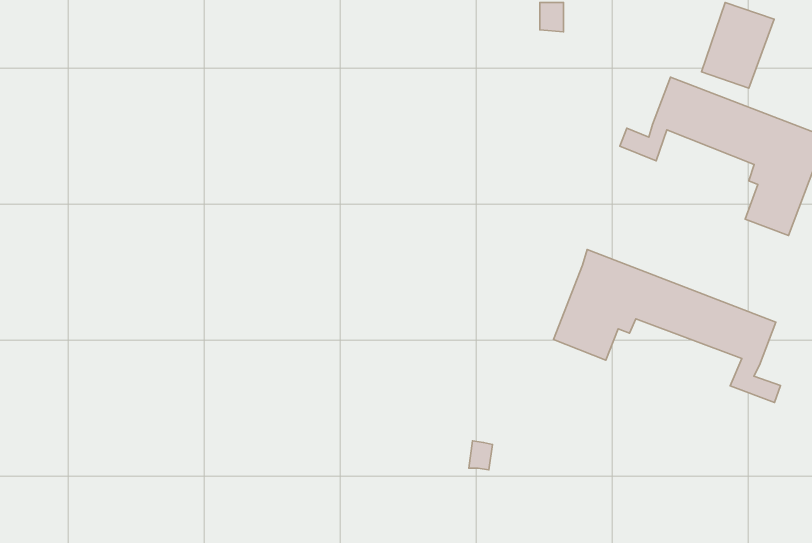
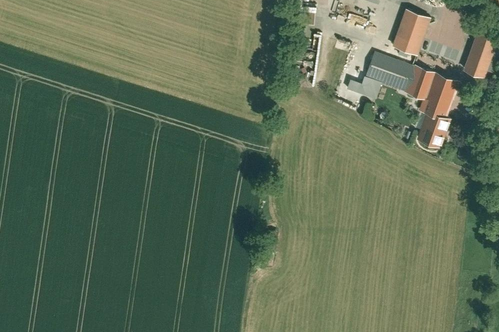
building: [553,250,781,402] -> none

